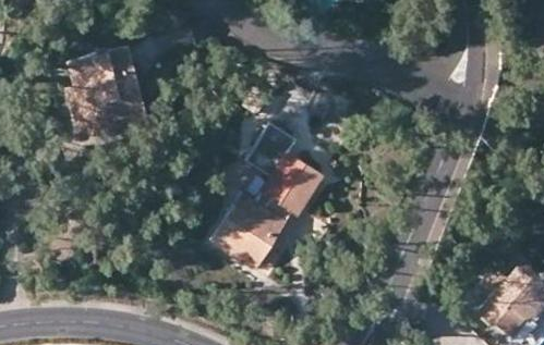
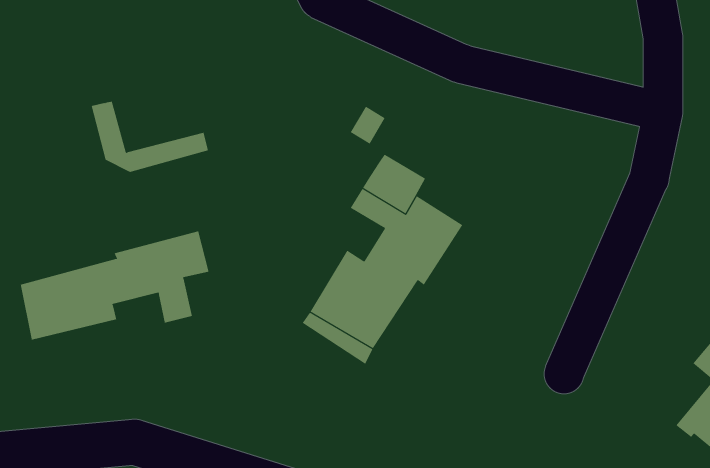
building: [68,45,144,120] -> none
building: none -> [20,231,209,340]

